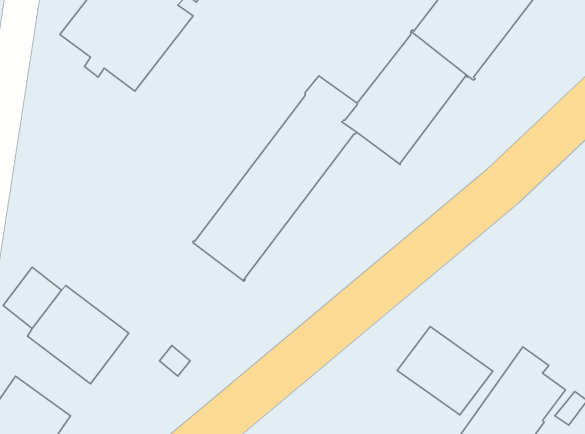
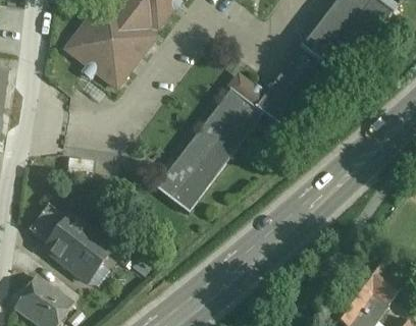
building: [397,327,493,415] -> none

